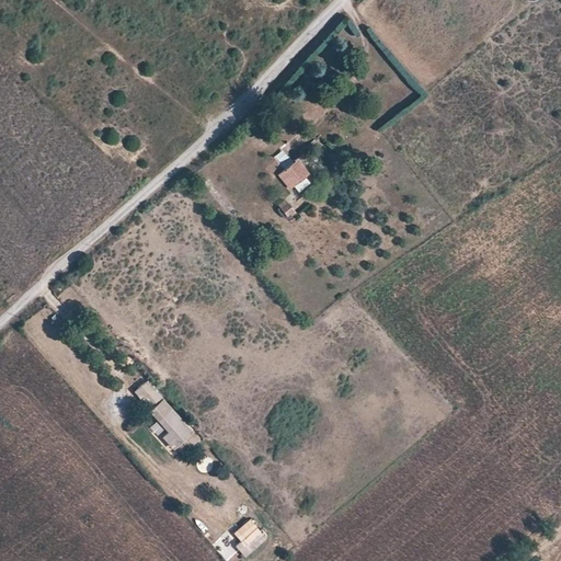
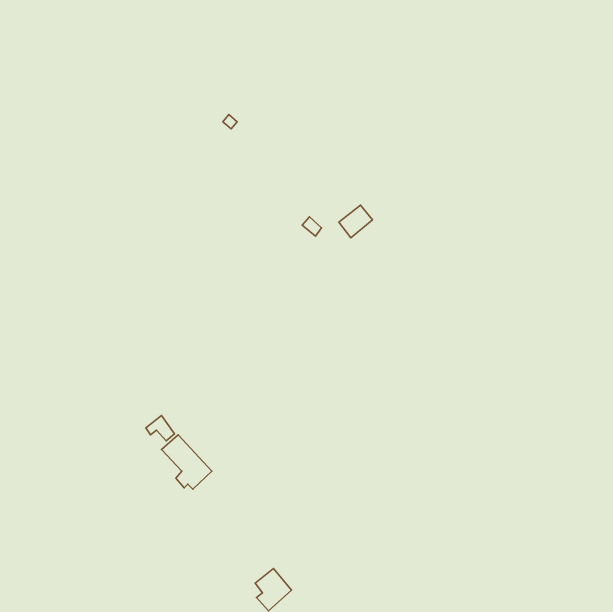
building: [278,160,309,190] -> [339,205,372,238]

